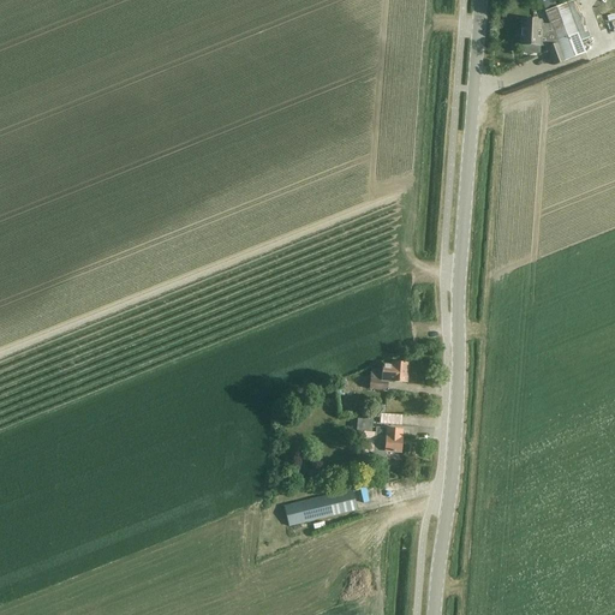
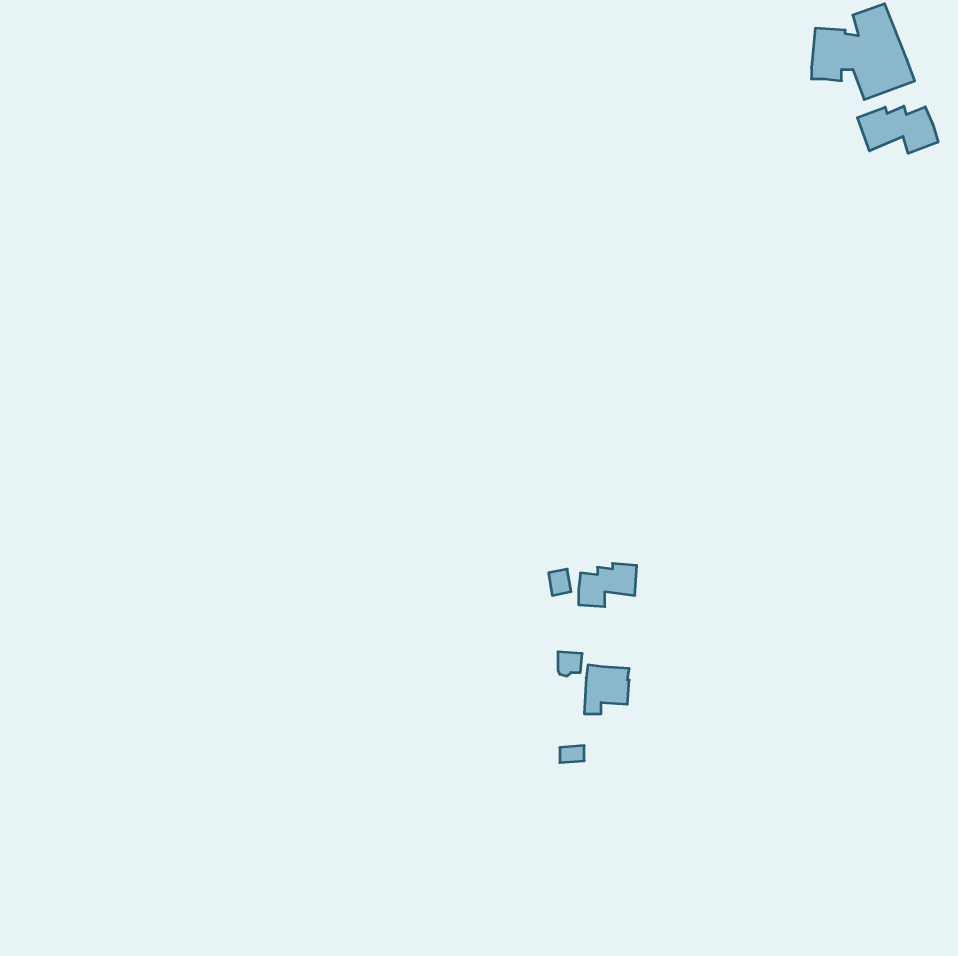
building: none -> [857,106,938,153]
building: [285,488,358,524] -> none

